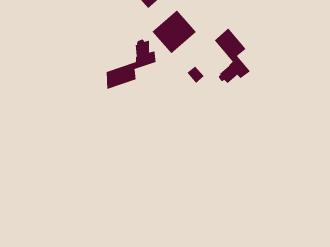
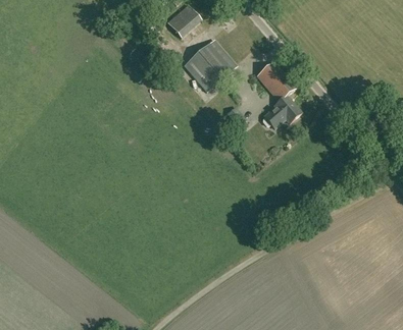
building: [106,39,156,90] -> none

